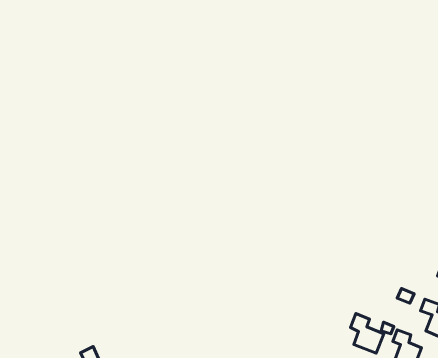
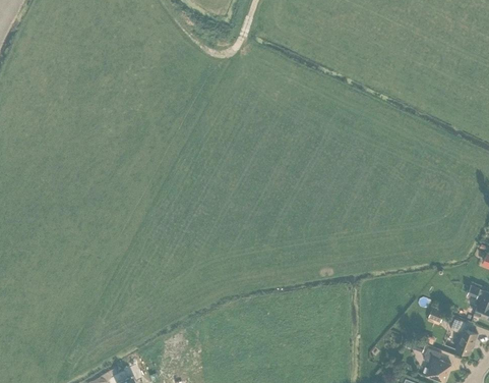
building: [350,314,384,353] -> none

